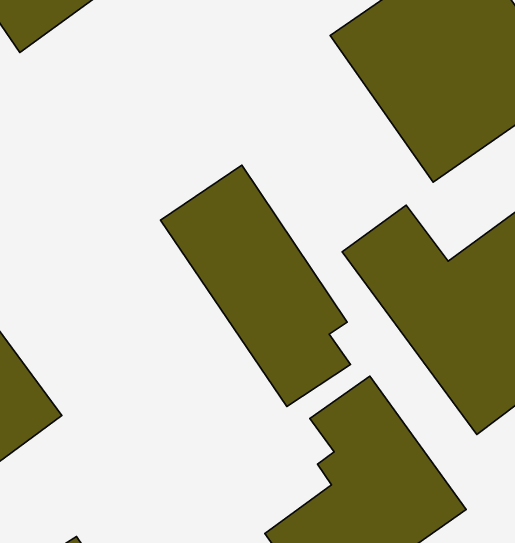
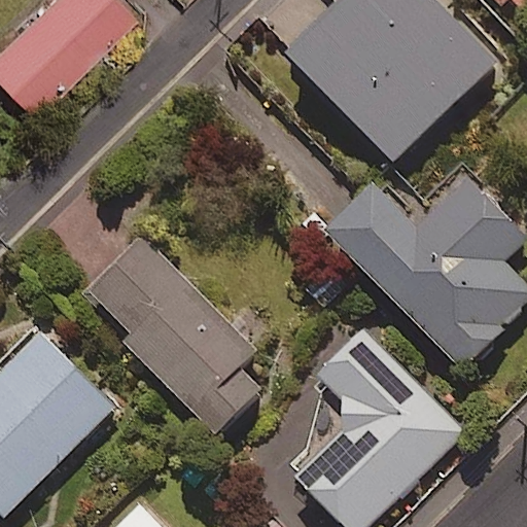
building: [160,165,350,407] -> [85,238,262,433]

